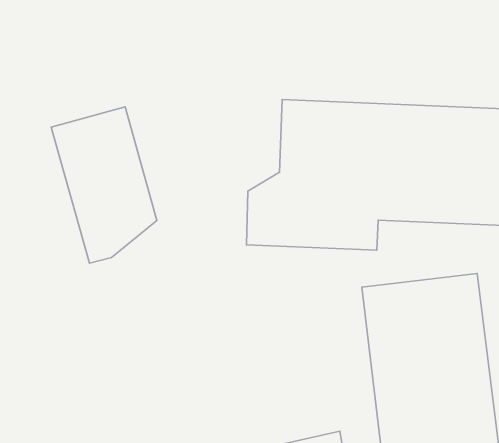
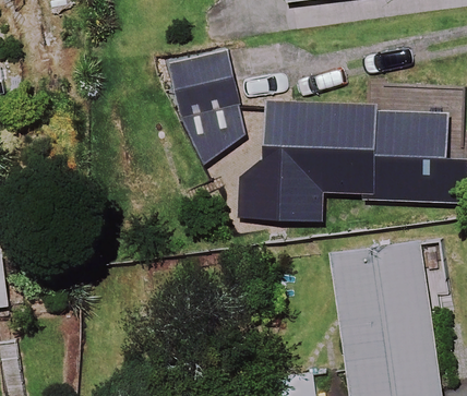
building: [51,107,157,263] -> [163,45,247,169]

